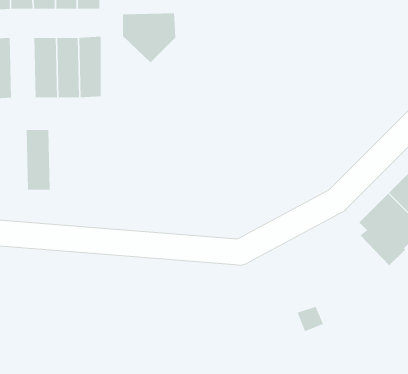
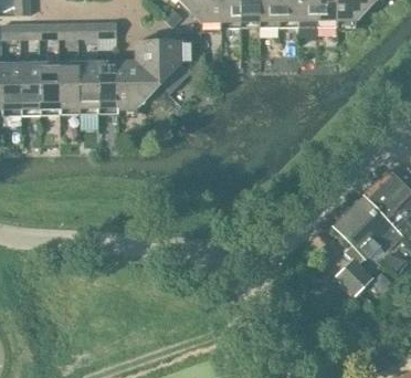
building: none -> [117,60,159,112]
building: [26,130,50,190] -> [39,61,60,113]
building: none -> [336,258,372,294]

